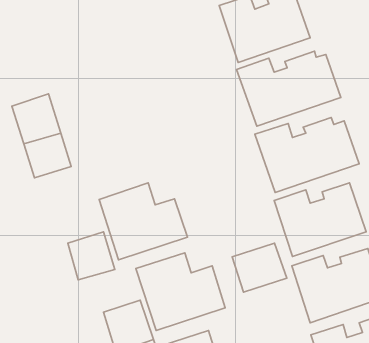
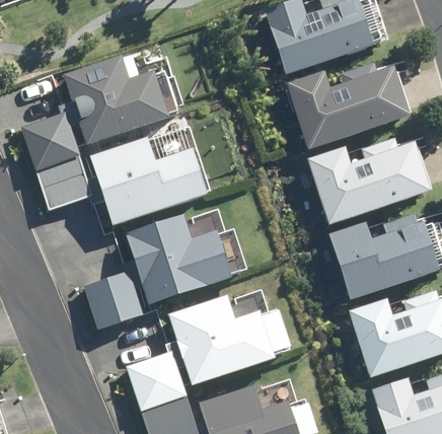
building: none -> [63,55,165,144]
building: none -> [103,136,219,220]
building: [232,243,287,292] -> none

